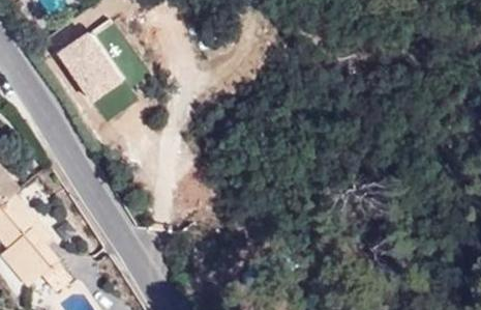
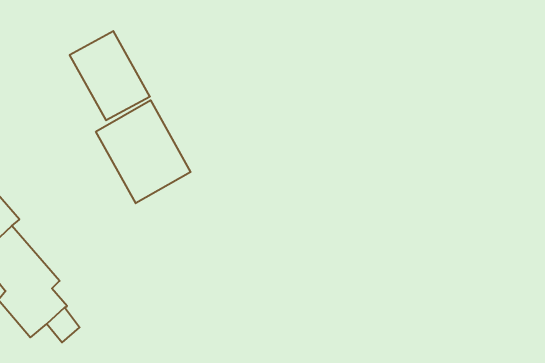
building: none -> [96,100,191,203]

